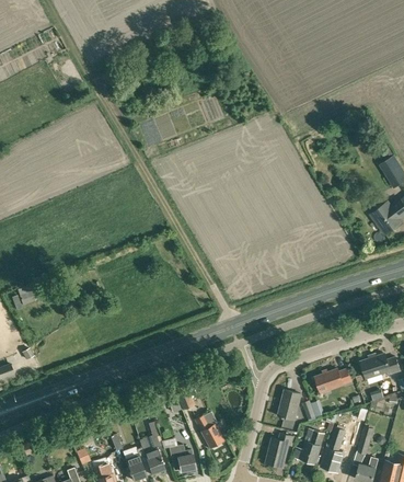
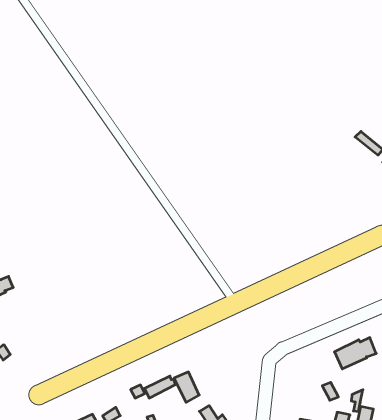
building: [279,390,302,421] -> none

